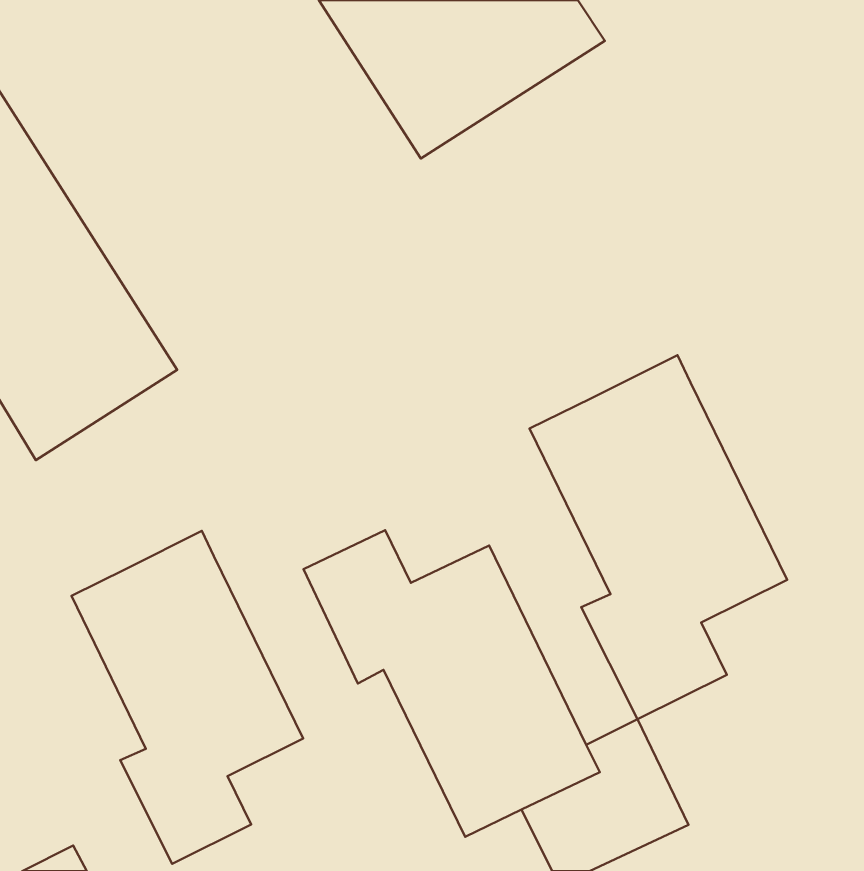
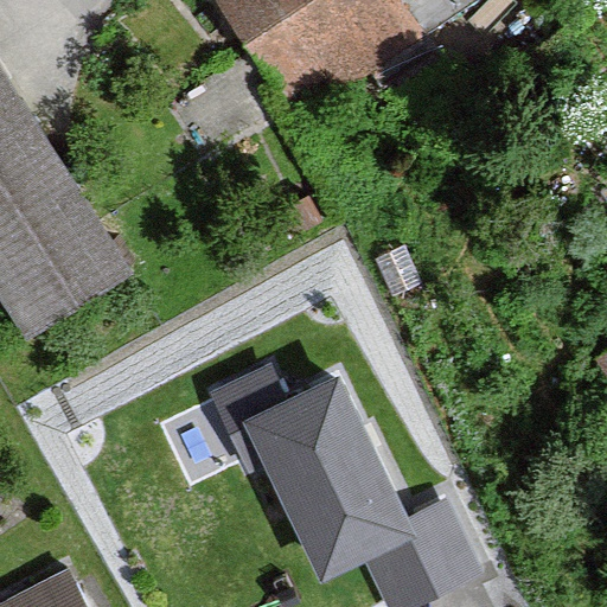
building: [530,355,787,719] -> none
building: [71,531,303,864] -> none

